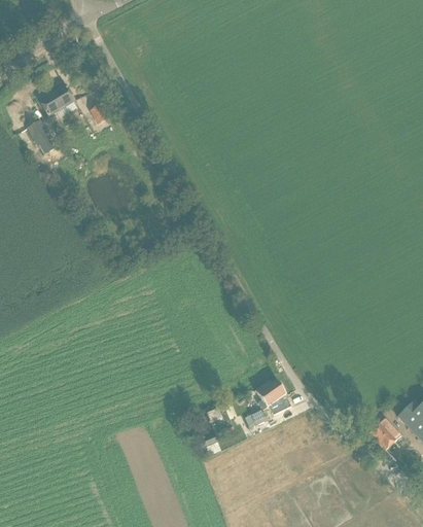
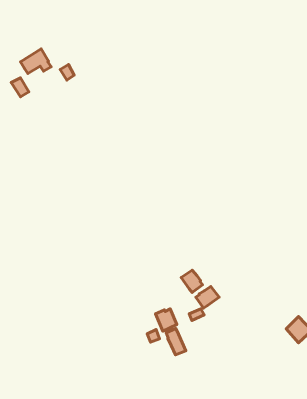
building: none -> [181,270,203,292]
building: none -> [166,328,186,355]

